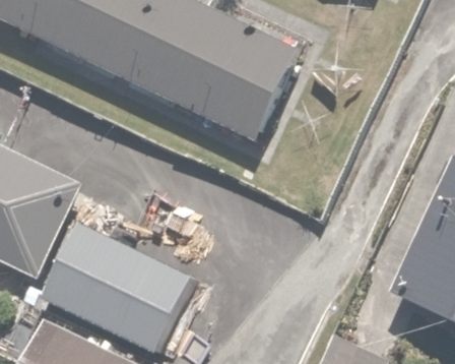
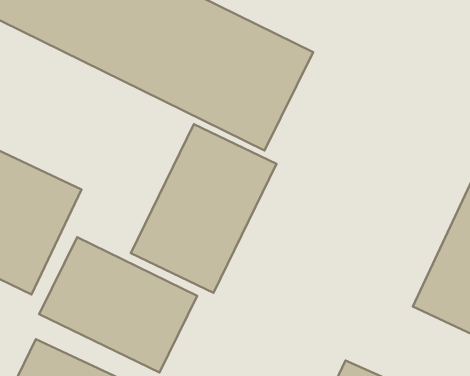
building: none -> [131,124,276,293]

